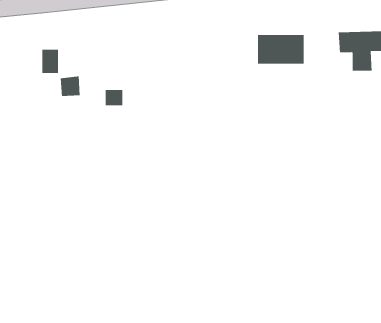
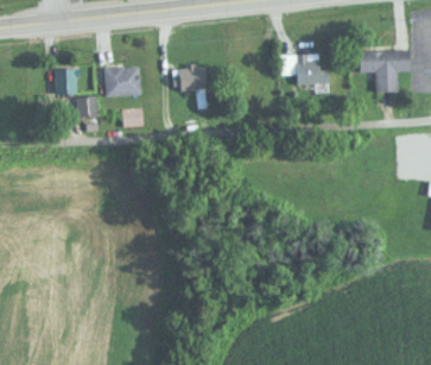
building: none -> [103,67,139,96]
building: none -> [173,67,207,90]

